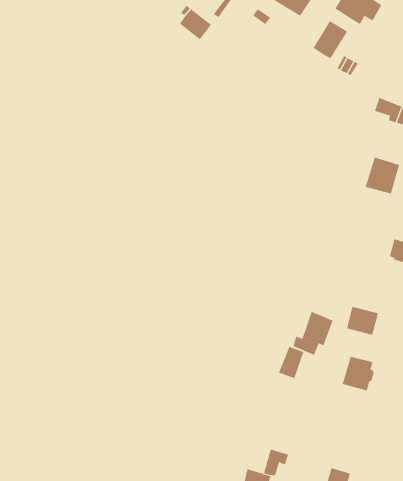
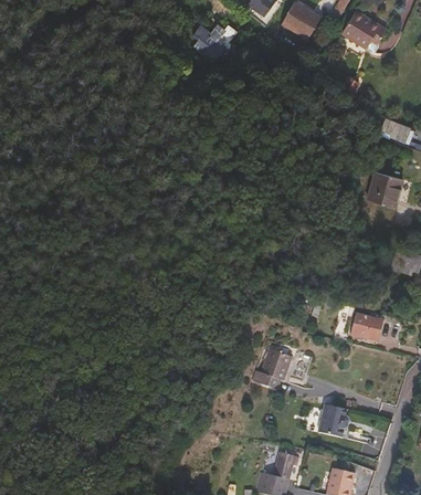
building: [313,20,348,59] -> none
building: [292,311,333,356] -> [253,347,292,389]
building: [342,356,375,391] -> [318,404,349,438]

